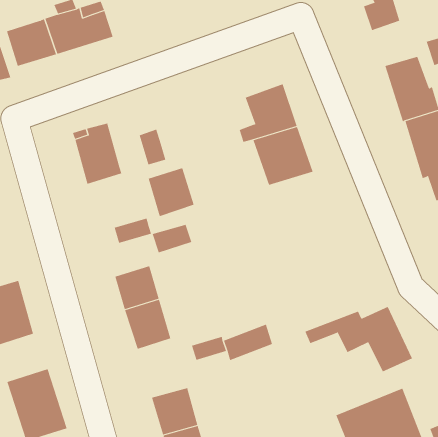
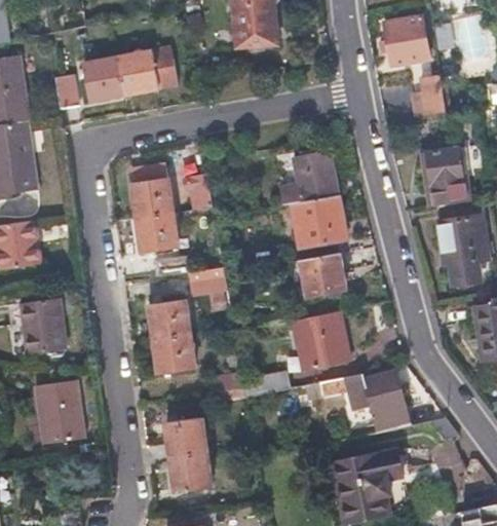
building: [148,167,194,217] -> [136,213,175,255]
building: none -> [303,252,346,294]
building: none -> [289,309,348,368]

